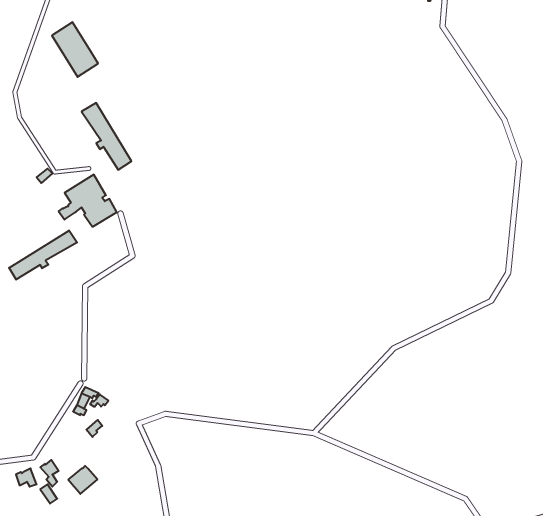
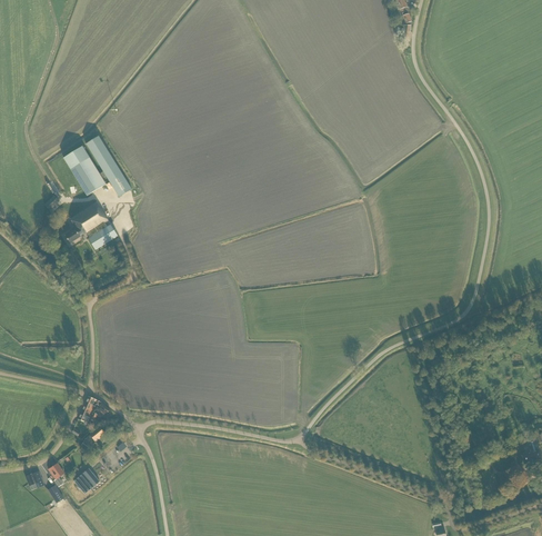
building: [52,22,98,77] -> [63,146,106,196]
building: [9,230,77,280] -> none

